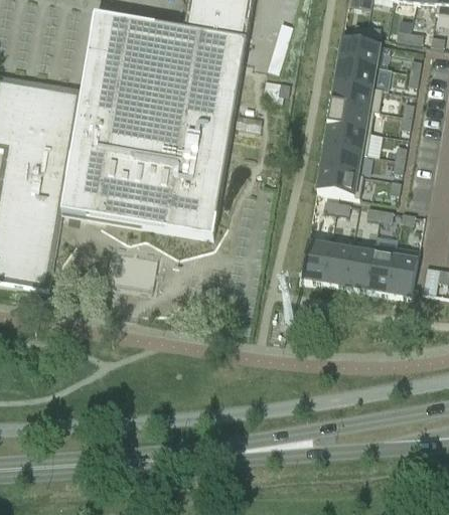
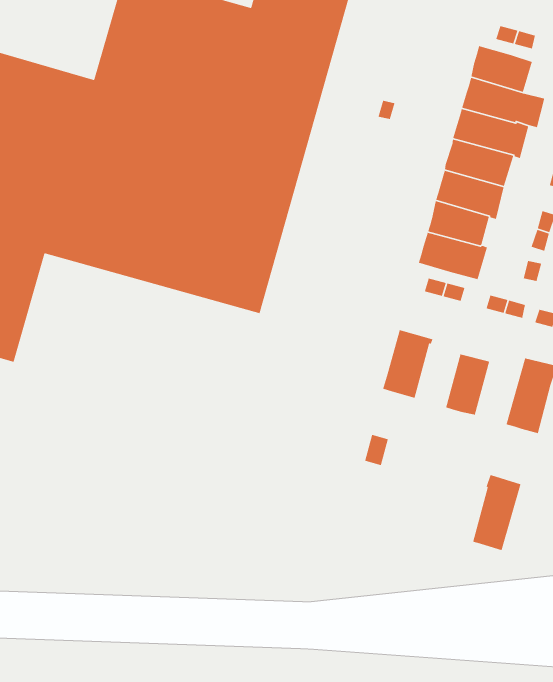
building: [367,241,397,293] -> [472,474,521,551]
building: [325,243,352,286] -> none

